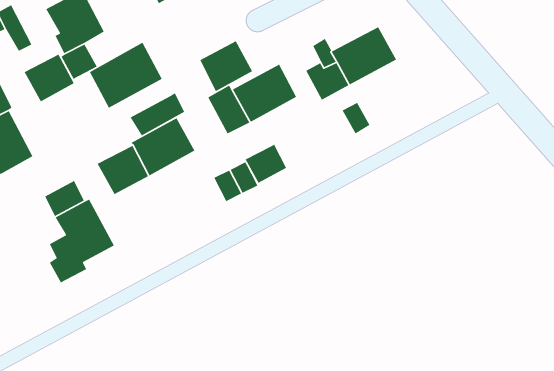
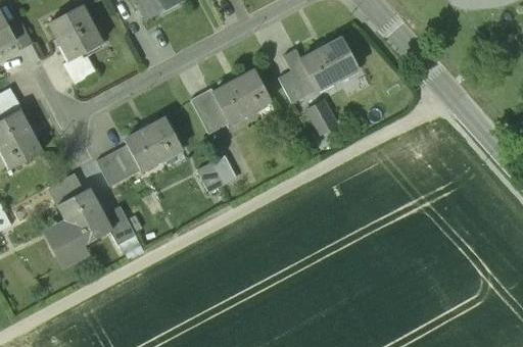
building: [199,40,253,92] -> none
building: [89,42,163,109] -> none
building: [24,53,75,102] -> none
building: [130,92,185,137] -> none
building: [245,143,287,184] -> none
building: none -> [103,205,136,245]

